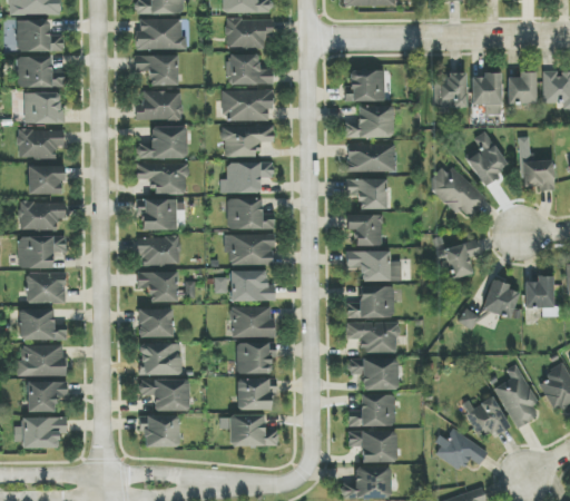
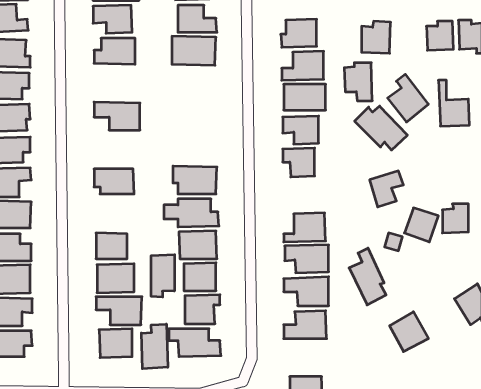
building: [471,72,502,115] -> [344,63,372,101]
building: [223,125,274,157] -> none
building: [137,126,187,159] -> none
building: [219,161,273,194] -> none
building: [227,197,274,229] -> none
building: [136,199,176,230] -> none
building: [345,250,401,282] -> none
building: [138,272,177,303] -> none
building: none -> [151,255,175,297]
building: [497,364,538,428] -> [349,248,386,305]
building: none -> [141,324,168,369]
building: [434,426,489,472] -> none
building: [347,431,396,463] -> none

